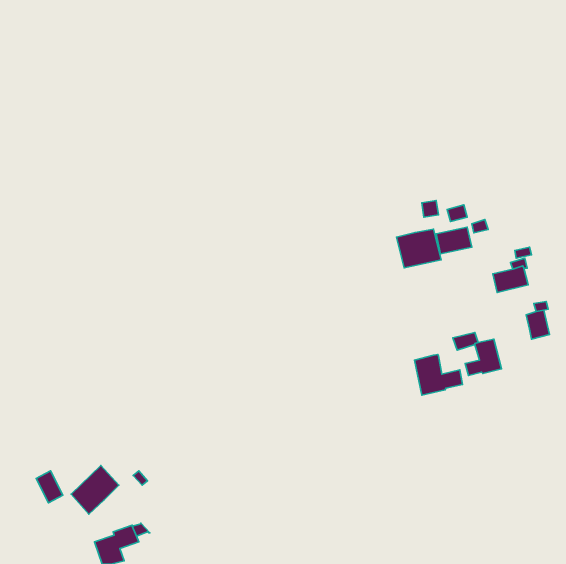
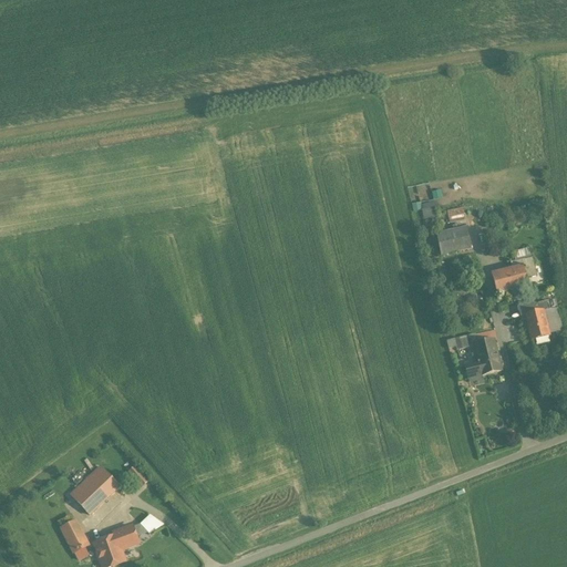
building: [397,229,441,268] -> none
building: [414,355,463,395] -> none
building: [36,471,63,503] -> [62,519,89,551]

